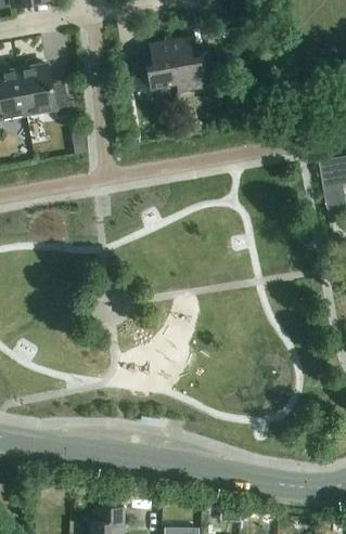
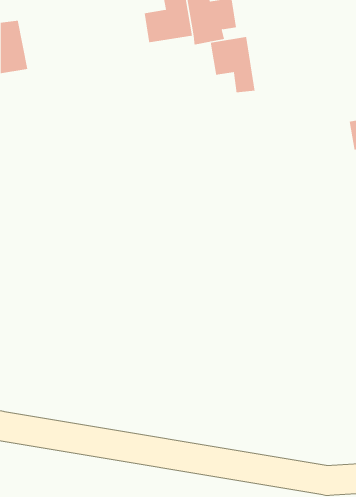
building: [20,65,72,117] -> none
building: none -> [210,36,255,93]

